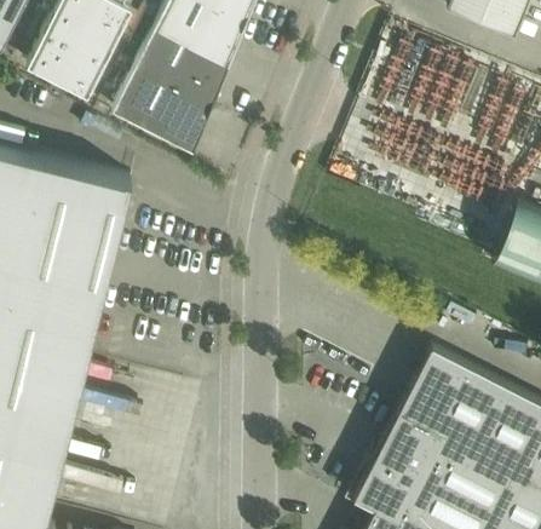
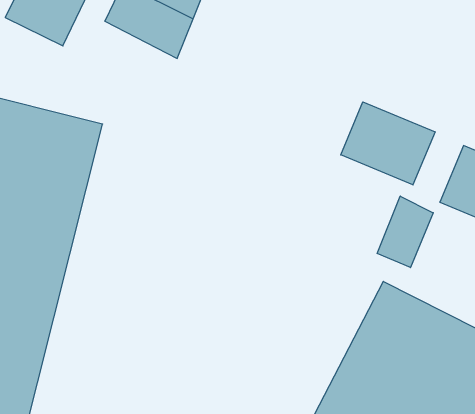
building: [111,70,211,154] -> none
building: none -> [341,102,435,185]
building: none -> [377,196,433,268]

